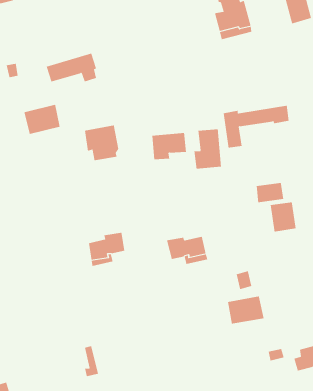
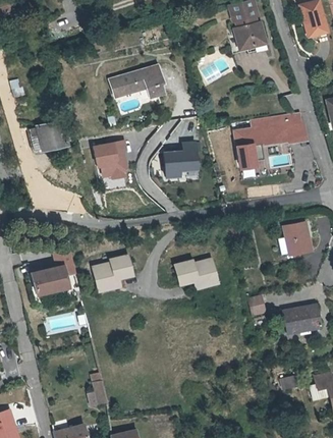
building: [46,53,97,82] -> [109,65,162,96]
building: [194,129,222,170] -> none
building: [256,182,284,203] -> none
building: none -> [31,248,75,293]
building: [227,296,264,324] -> [281,302,320,331]

